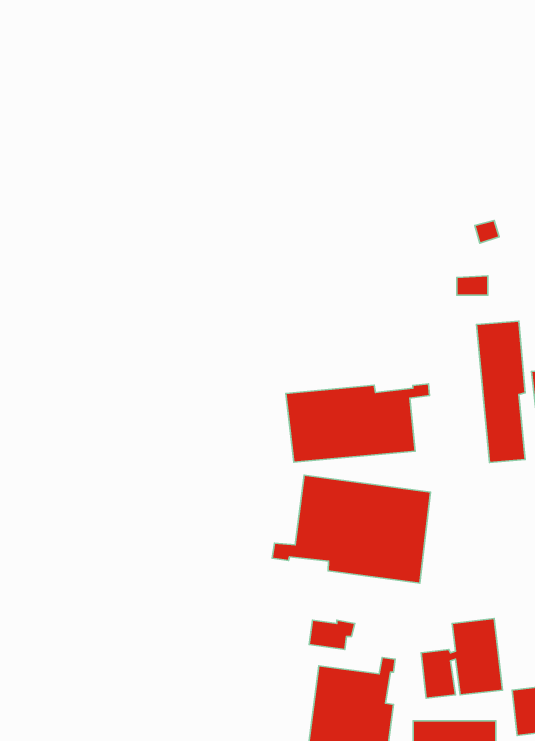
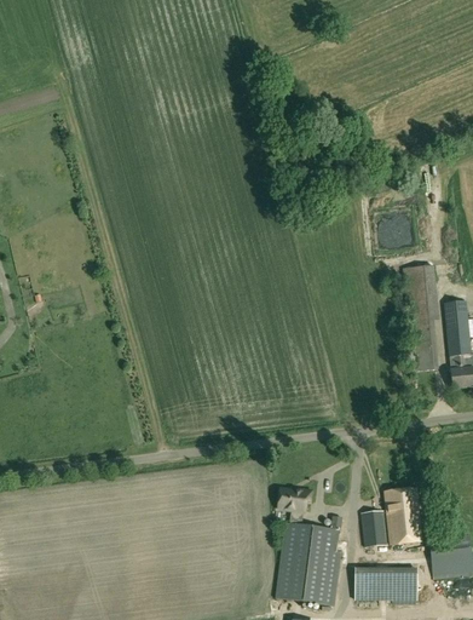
building: [286,384,430,462] -> none
building: [272,475,431,583] -> none

